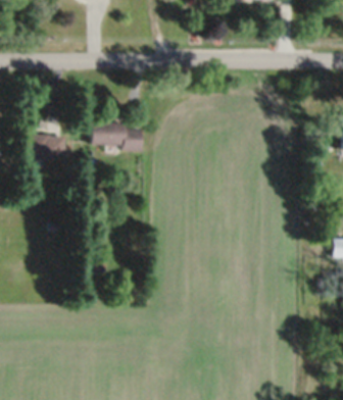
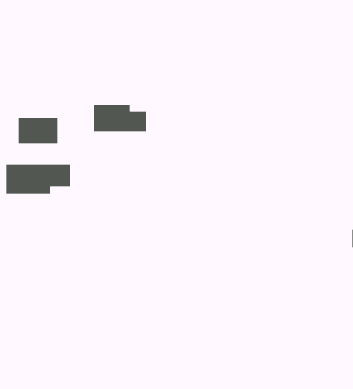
building: none -> [6,164,70,195]

